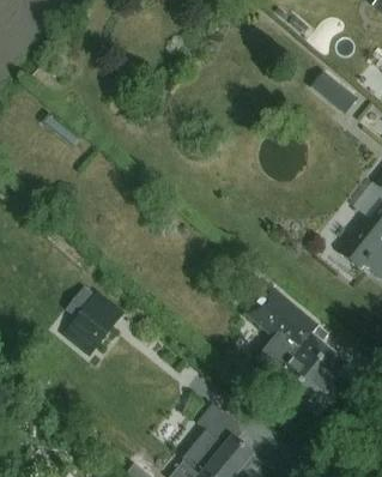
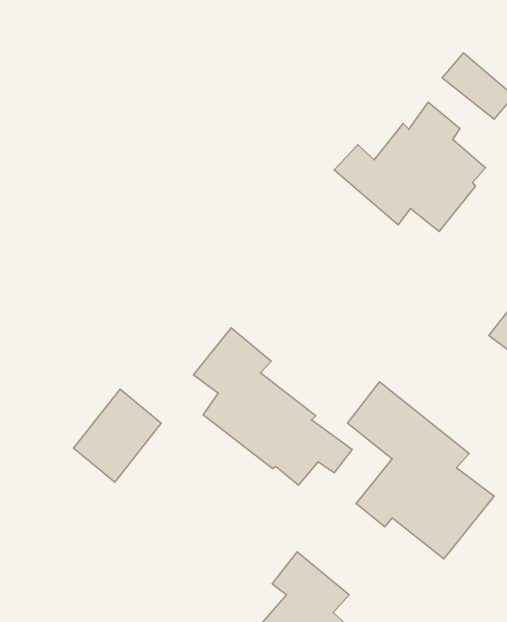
building: none -> [334,102,485,231]
building: none -> [193,328,352,485]

